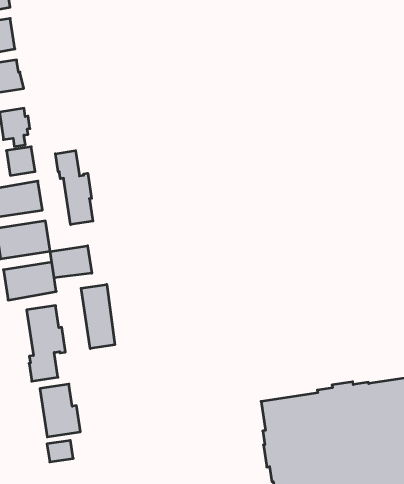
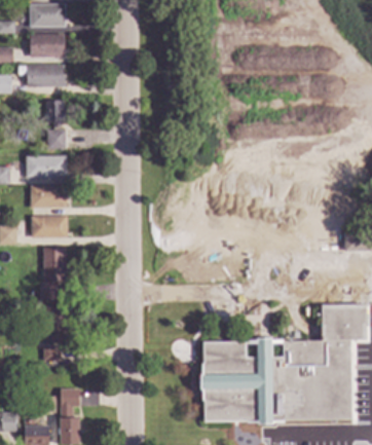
building: [55,151,93,225] -> none
building: [50,246,92,278] -> none
building: [81,284,115,349] -> none

